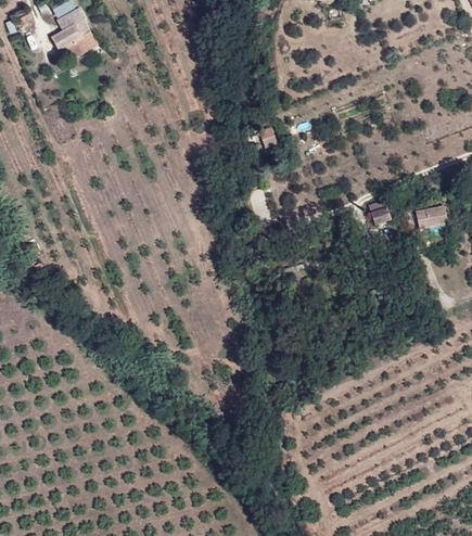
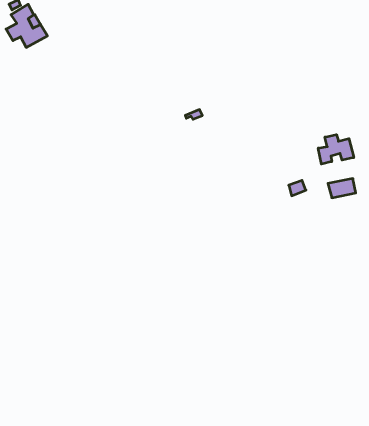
building: none -> [318,135,354,164]

